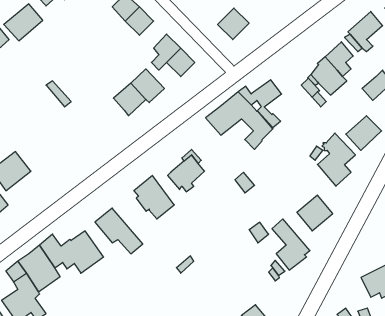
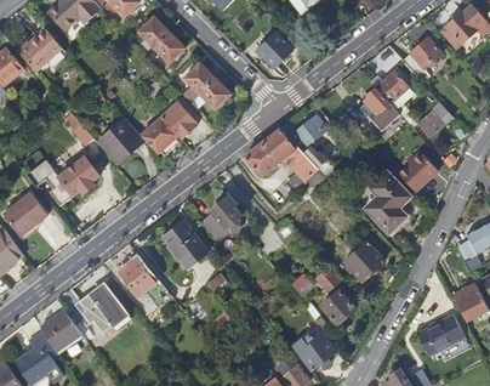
building: none -> [103,125,152,170]
building: none -> [42,157,89,205]
building: none -> [301,336,336,369]

